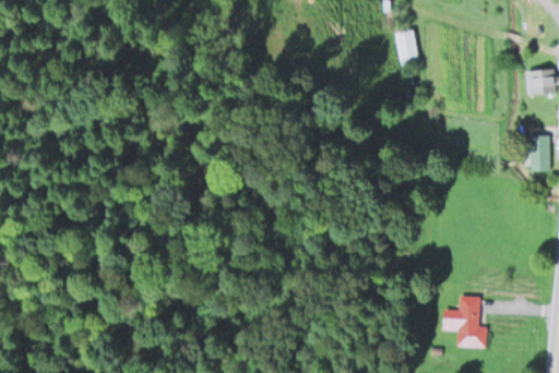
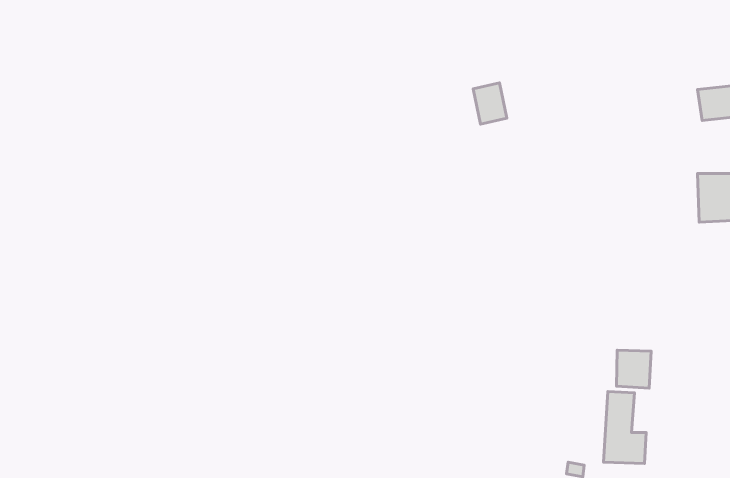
building: [394,28,419,59] -> [473,83,507,124]
building: none -> [617,350,651,388]

